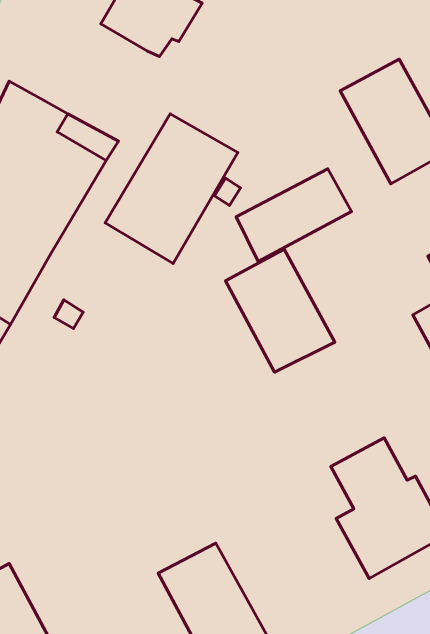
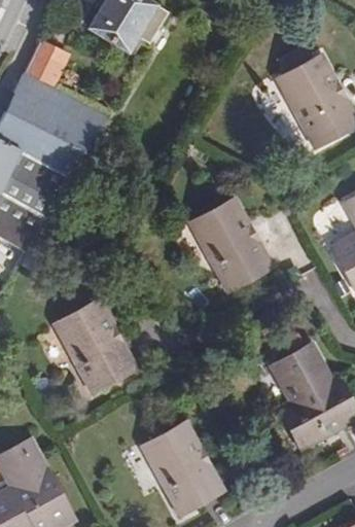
building: none -> [27,38,71,86]
building: [105,114,238,264] -> none
building: [236,169,352,262] -> none
building: none -> [51,297,133,391]

